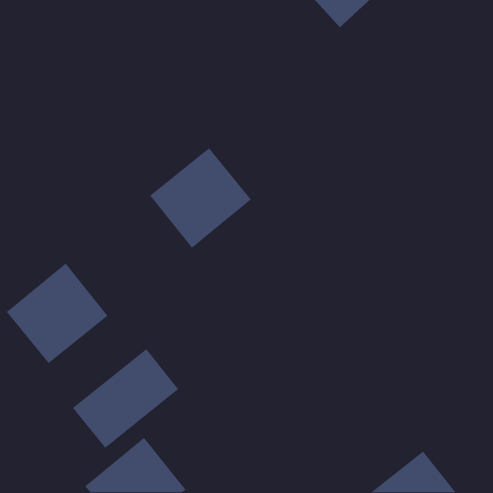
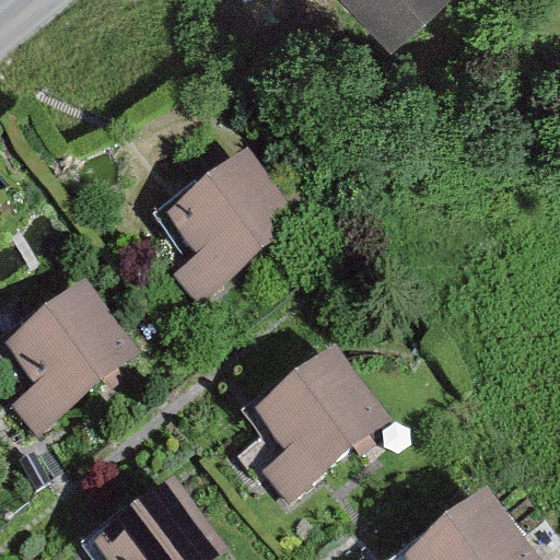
building: none -> [256,363,374,478]
building: [72,348,179,449] -> none

